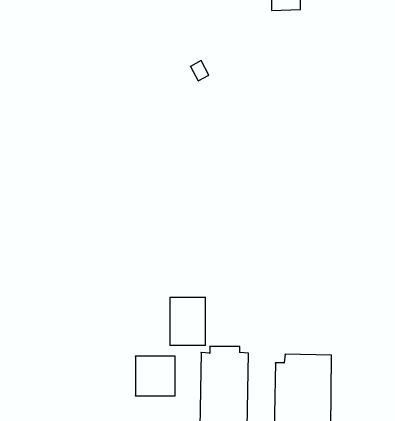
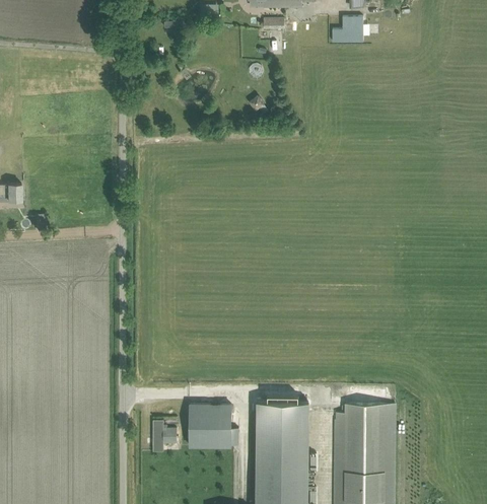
building: [170,297,205,345] -> none
building: none -> [152,417,177,454]

